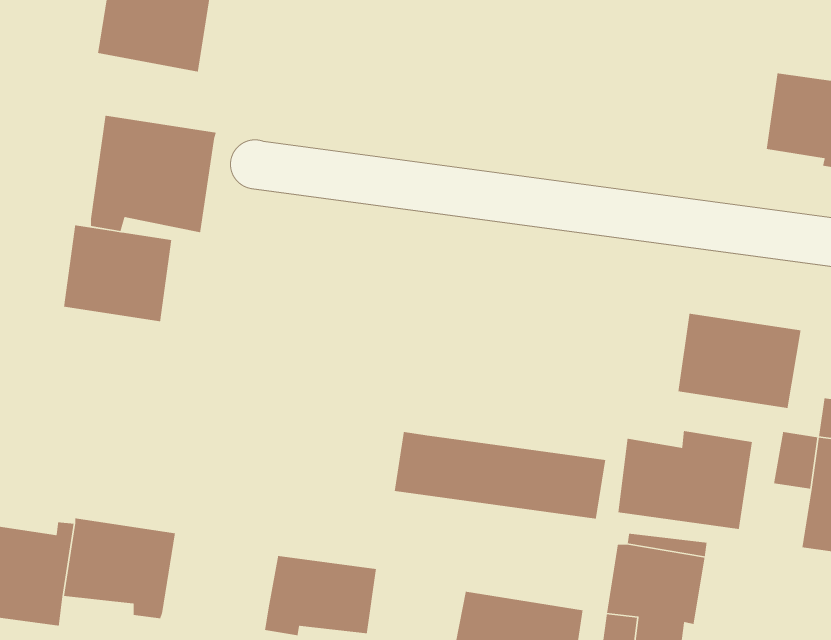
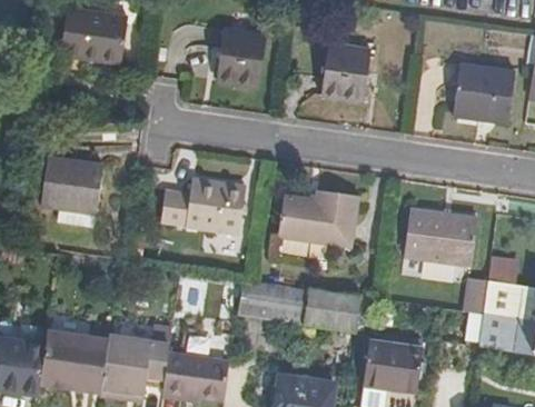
building: none -> [217,32,267,90]
building: none -> [324,48,373,103]
building: [90,115,217,233] -> none
building: none -> [160,179,246,234]
building: [618,430,753,530] -> [277,189,357,248]
building: none -> [99,327,170,393]

